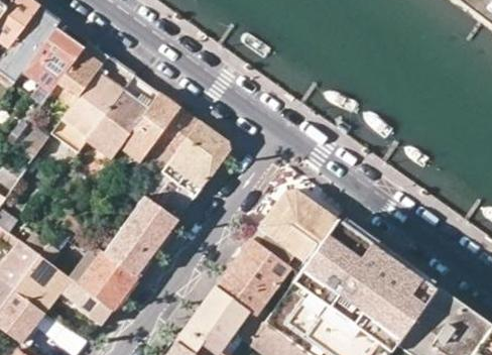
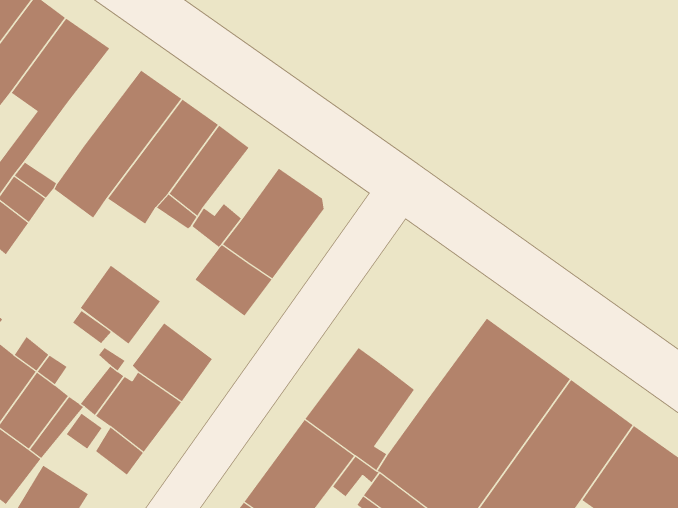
building: [56,42,109,110] -> none
building: [150,108,200,154] -> none
building: [261,191,337,273] -> none
building: [124,195,177,247] -> [80,265,161,344]

